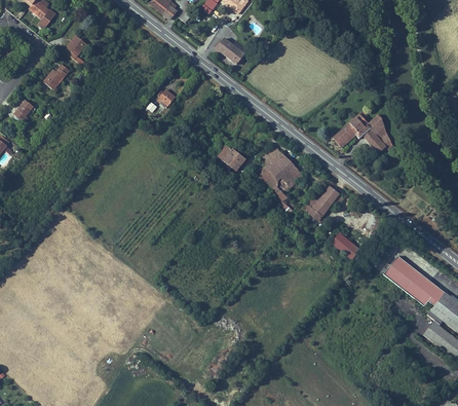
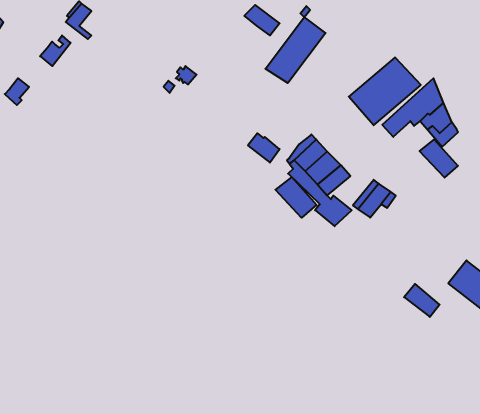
building: none -> [265,17,326,83]
building: none -> [349,57,421,125]
building: none -> [420,140,458,178]
building: none -> [275,177,316,218]
building: [330,231,359,259] -> [404,284,440,317]

